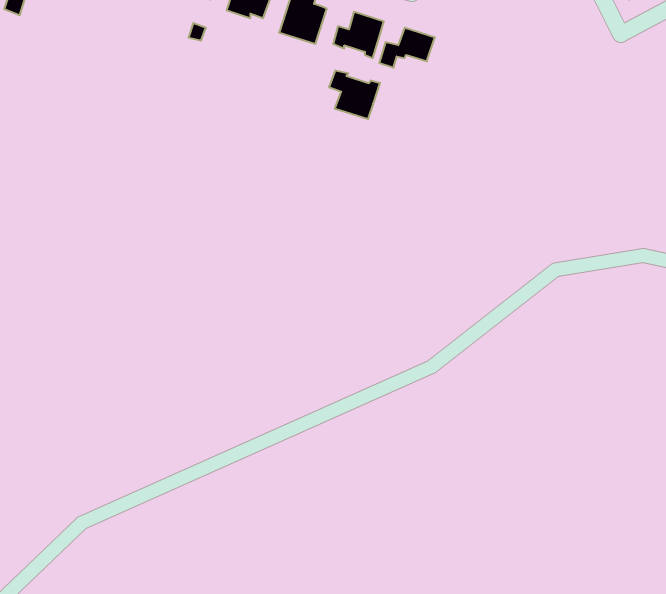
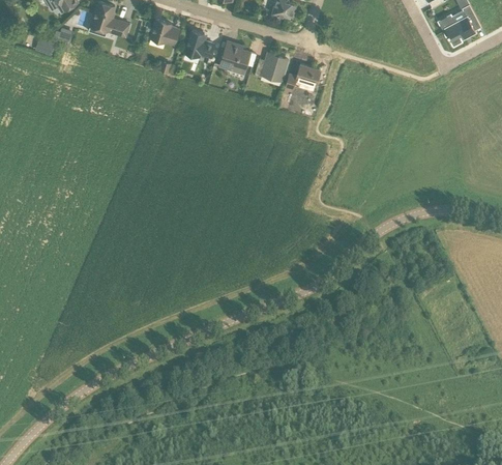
building: [329,70,380,119] -> none

